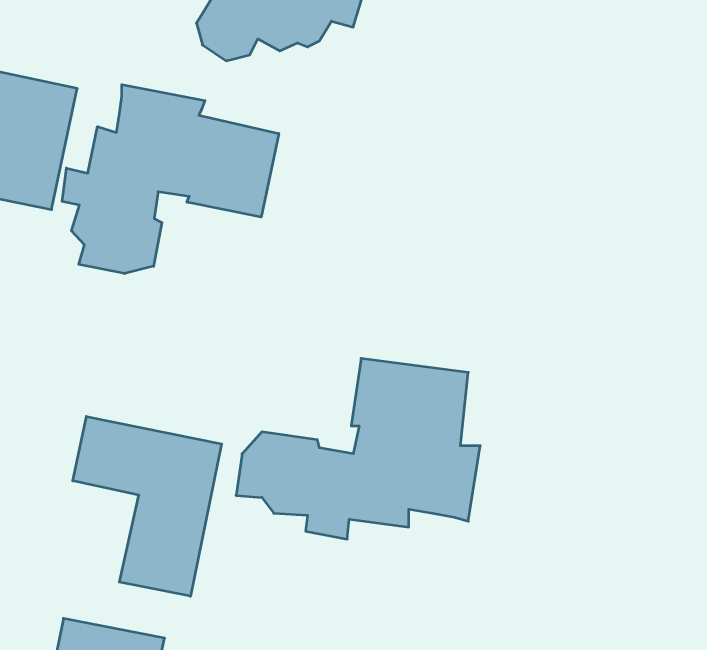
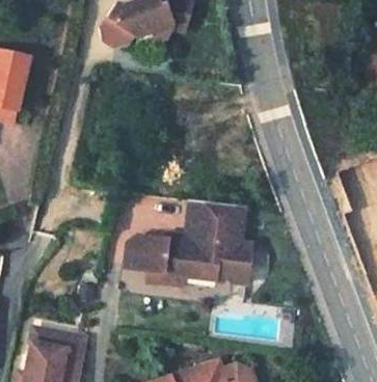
building: [62,85,279,274] -> none
building: [73,416,222,596] -> none

